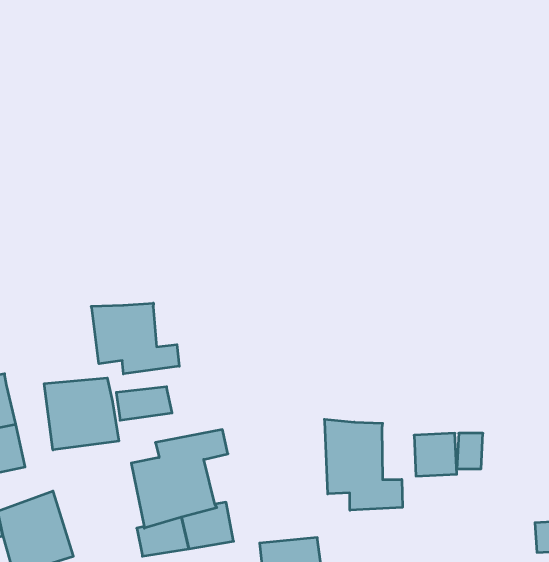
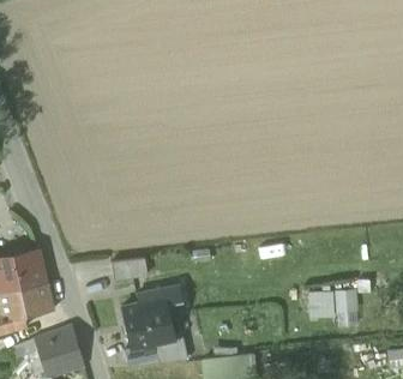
building: [91,303,179,374] -> none
building: [44,378,119,450] -> none
building: [324,419,402,510] -> none

